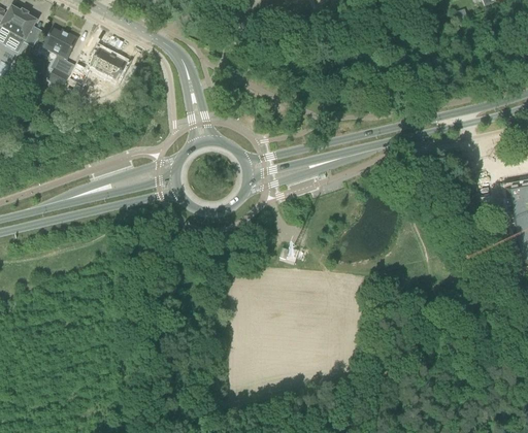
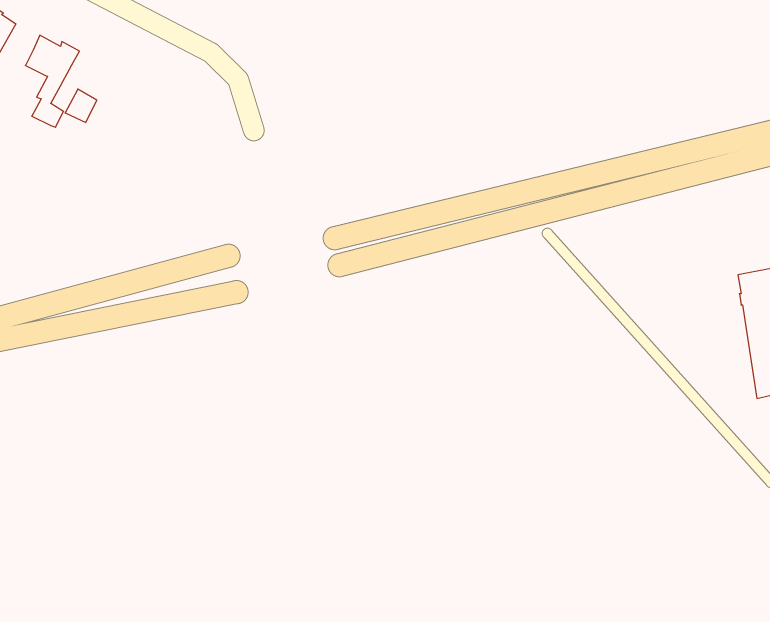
building: [91,48,125,78] -> none

